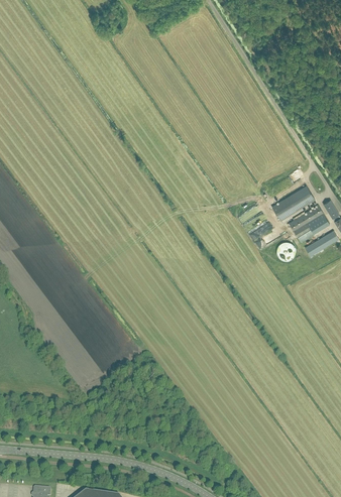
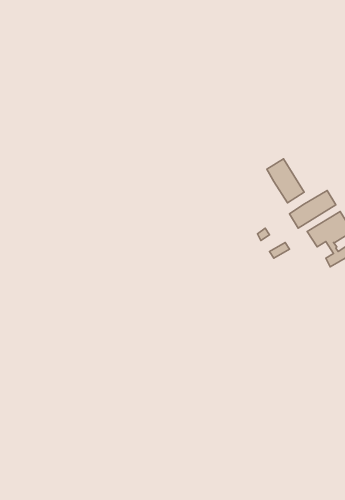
building: none -> [267,159,304,203]

